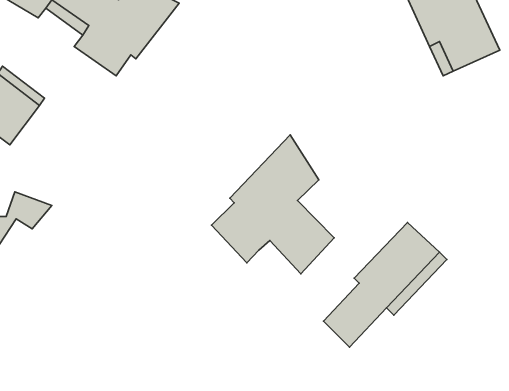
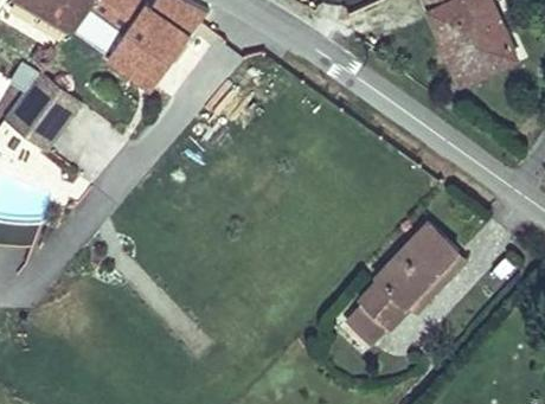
building: [211,135,334,274] -> none

